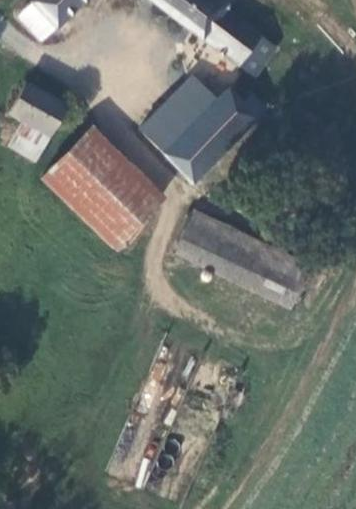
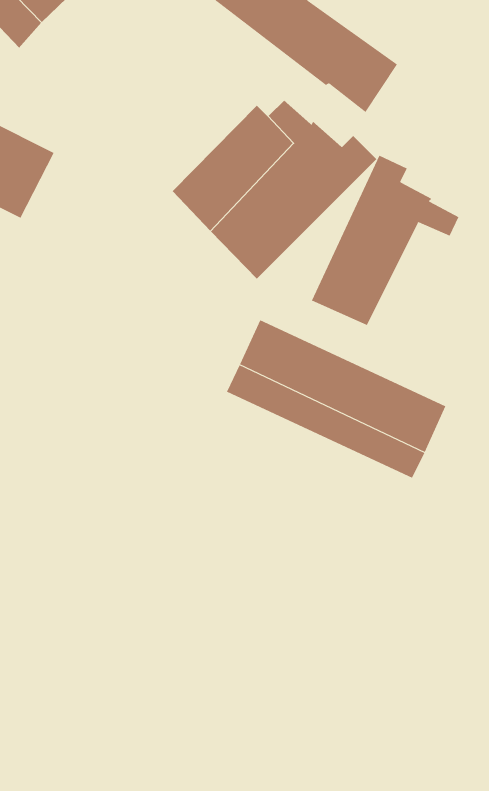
building: none -> [311,155,459,326]
building: [41,129,159,246] -> none

